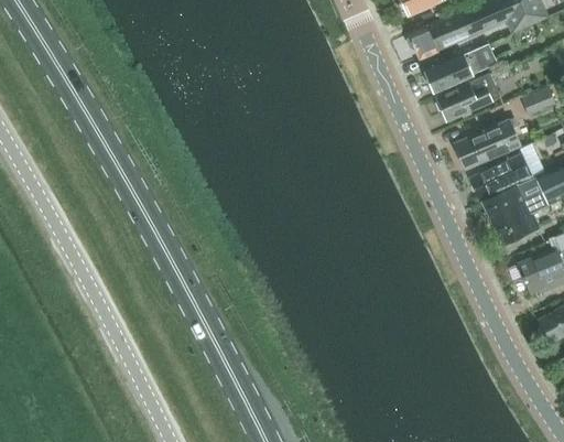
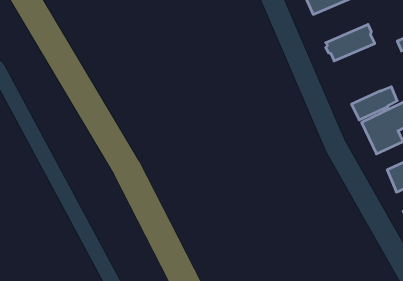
building: [427,45,499,93] -> none
building: [456,120,521,170] -> none

